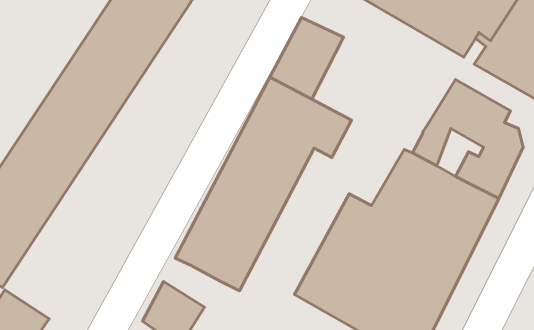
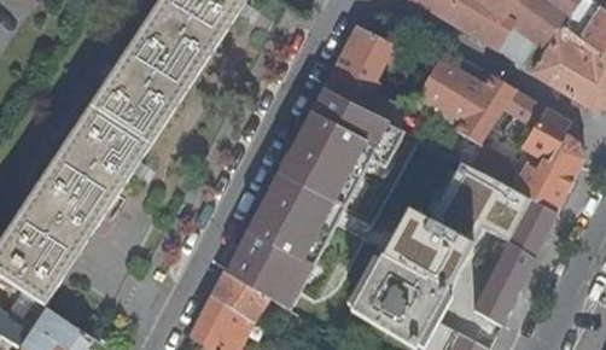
building: none -> [412,59,513,144]
building: none -> [211,273,270,323]

